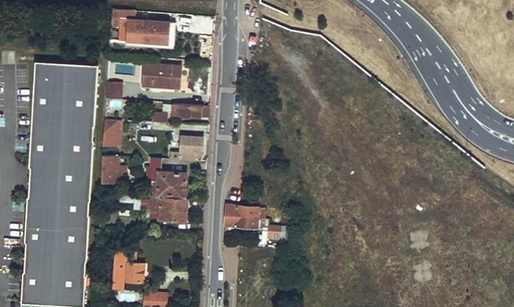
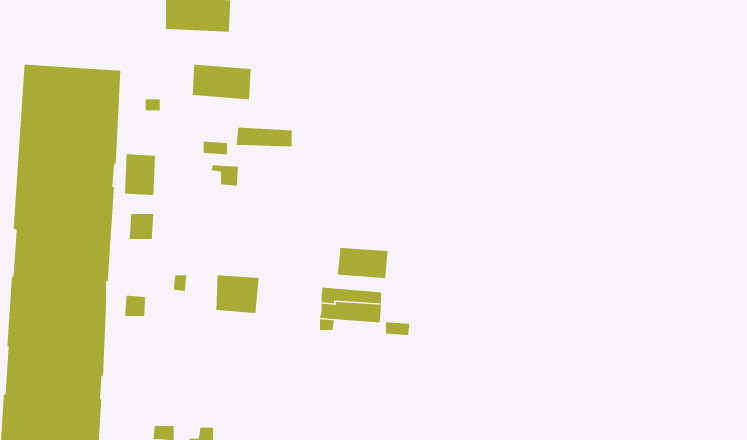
building: [178,136,208,162] -> none
building: [146,170,187,200] -> none
building: none -> [337,247,389,279]
building: [111,253,143,290] -> none

